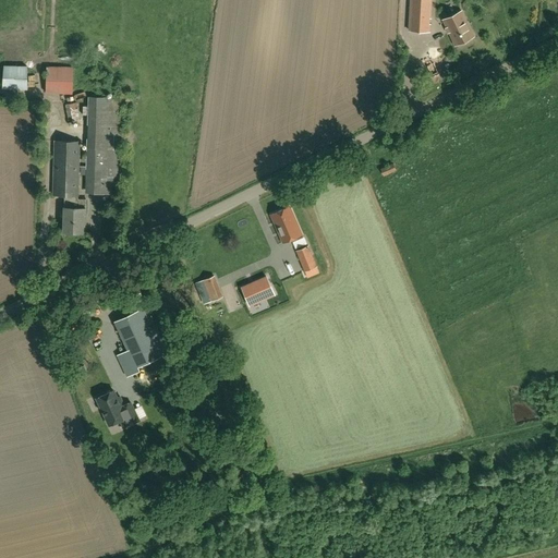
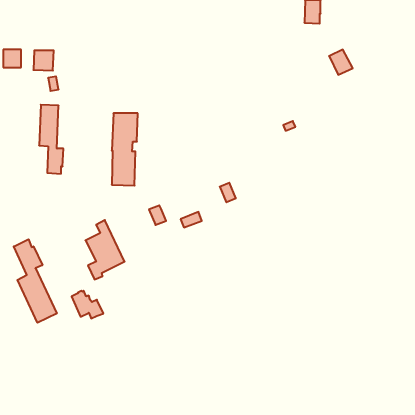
building: [441,11,473,45] -> [329,50,353,75]
building: [85,97,120,194] -> [112,113,138,186]
building: [270,206,300,242] -> none
building: none -> [14,239,57,323]

